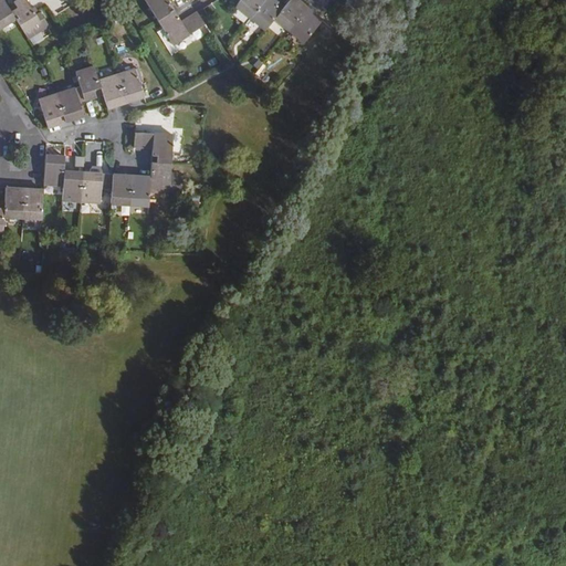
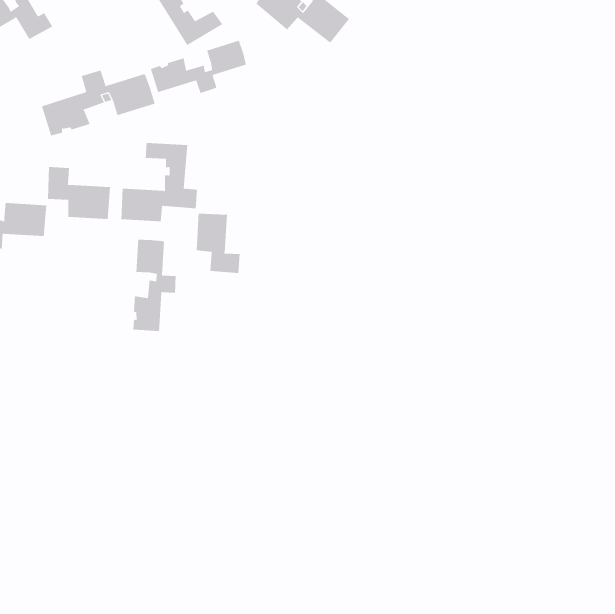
building: none -> [150,40,246,94]
building: none -> [196,213,240,274]
building: none -> [133,239,176,332]

